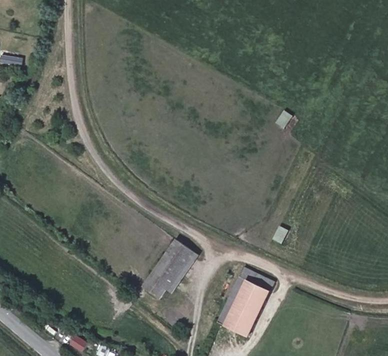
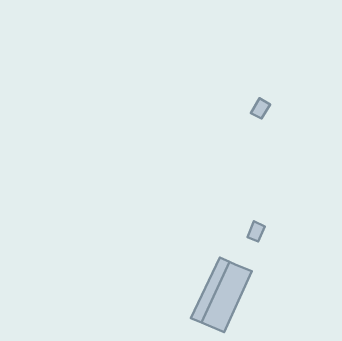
building: [143,242,189,298] -> none

